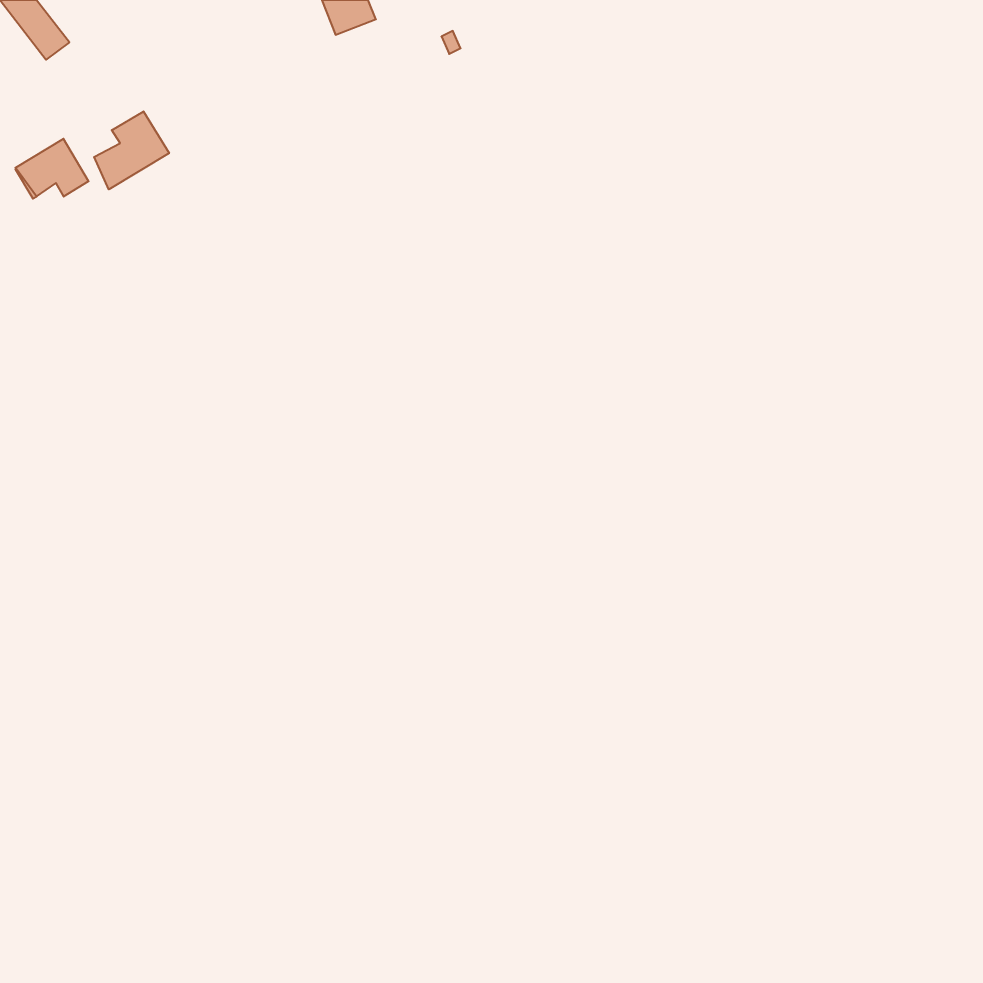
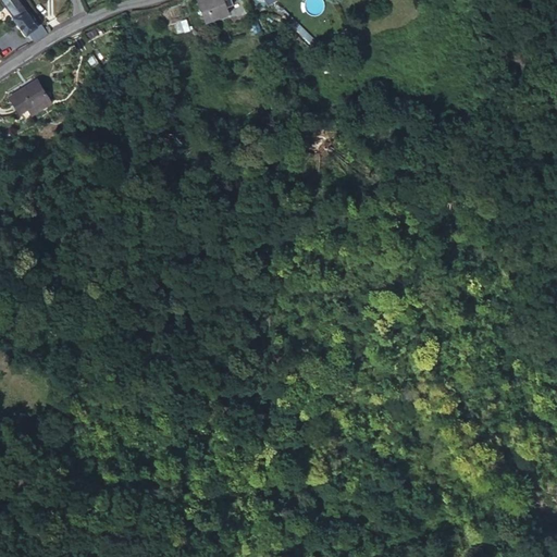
building: [94,111,169,189] -> none

